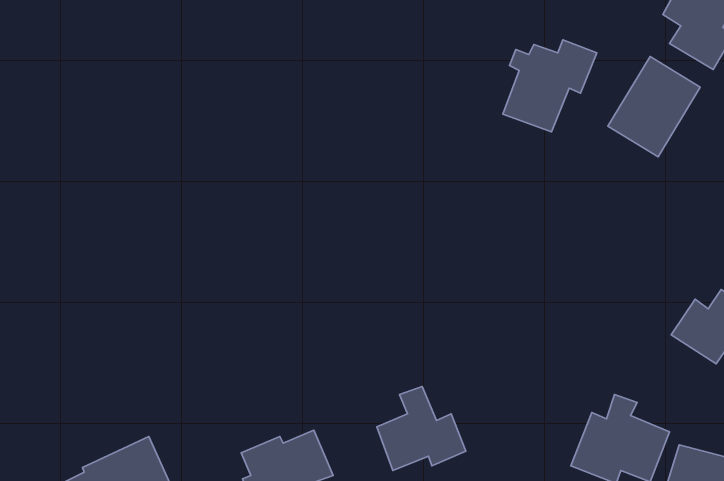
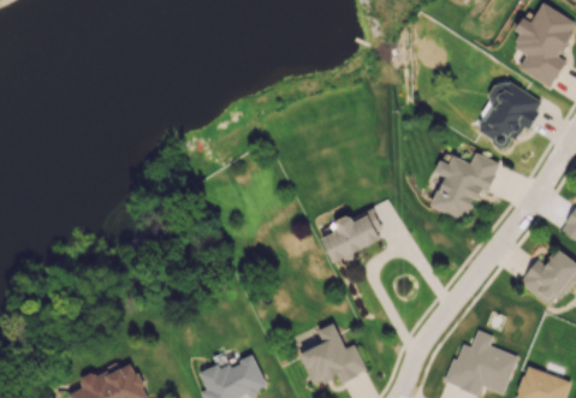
building: [503,40,597,132] -> [430,153,500,221]
building: none -> [322,212,385,263]

